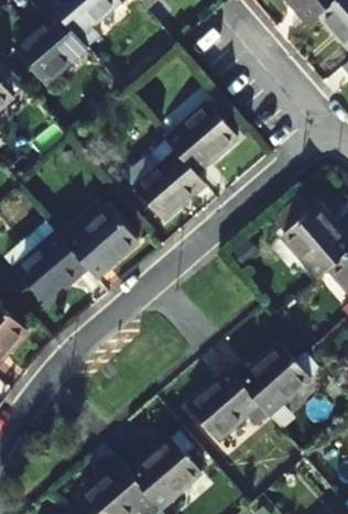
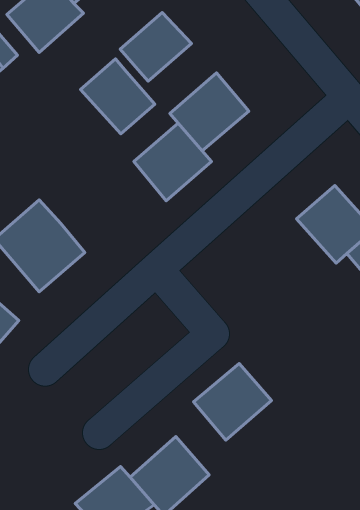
building: none -> [120,12,191,81]
building: none -> [80,59,155,134]
building: [65,208,137,280] -> none
building: [238,346,309,416] -> none

